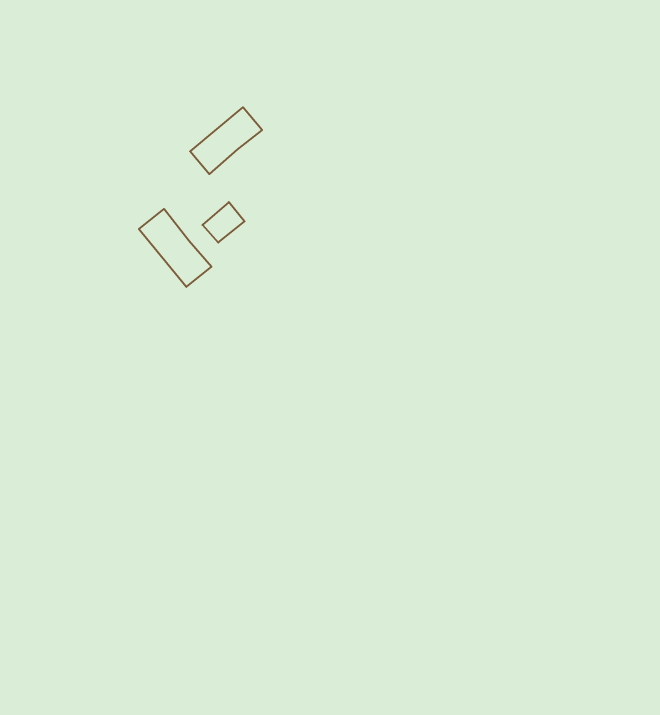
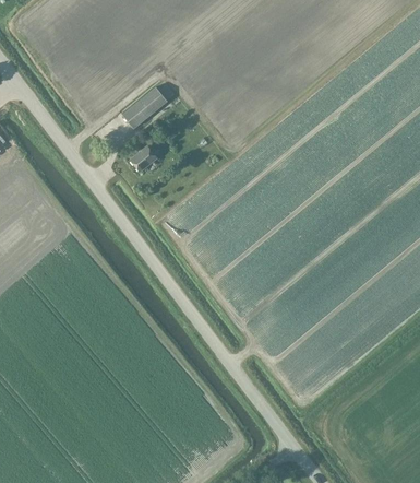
building: [139,209,211,287] -> none

